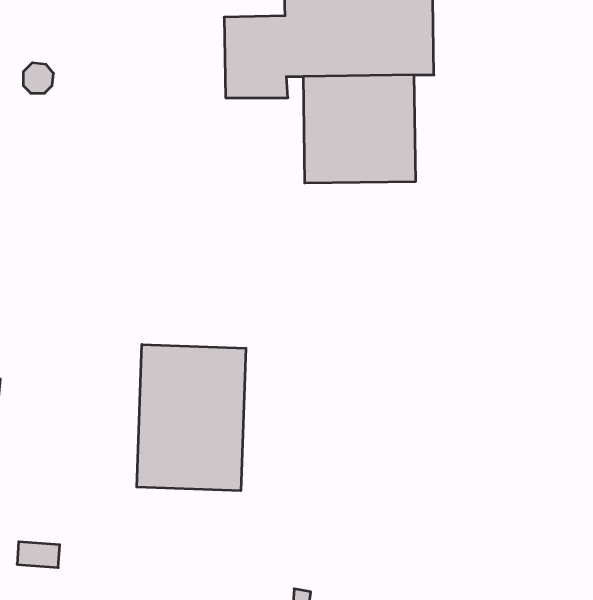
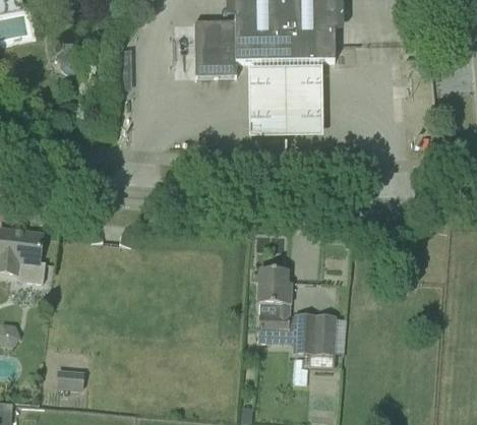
building: [137,344,246,491] -> none
building: none -> [258,267,337,353]

